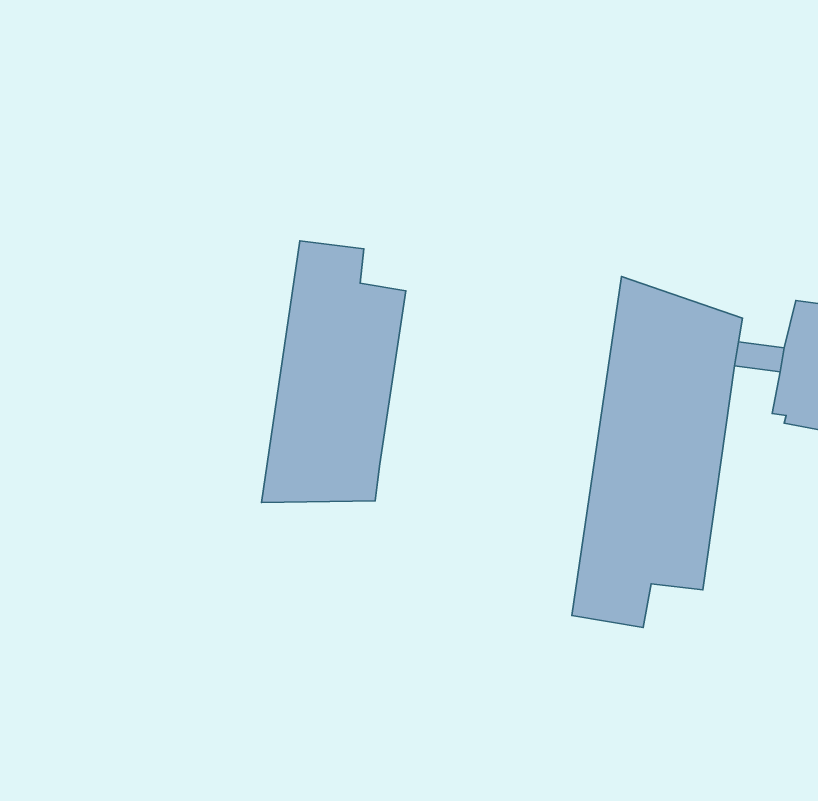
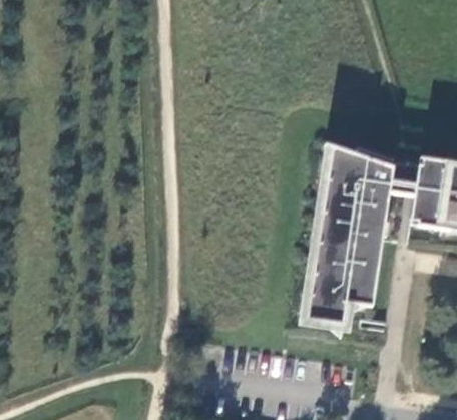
building: [261,241,406,503] -> none

